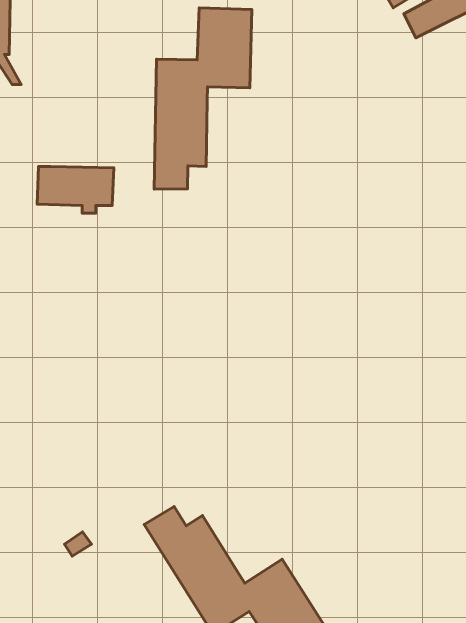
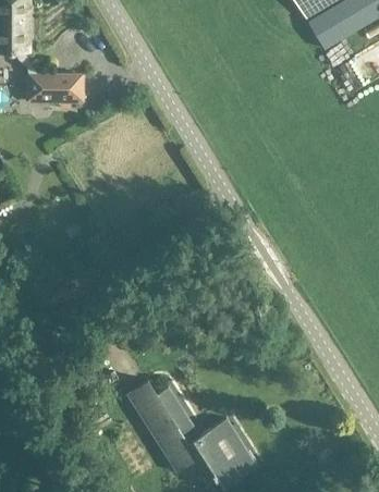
building: [154,8,252,189] -> none
building: [37,166,114,213] -> [27,74,83,108]

